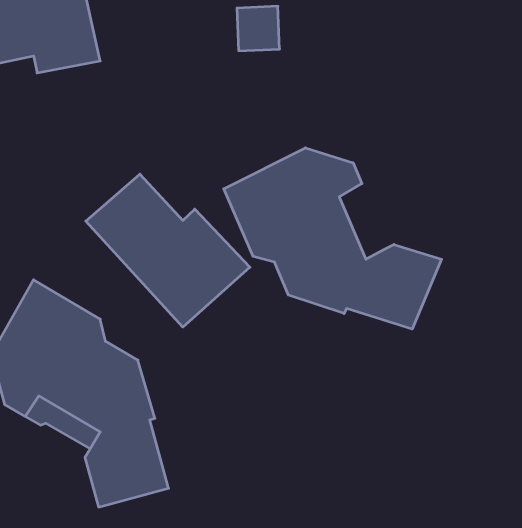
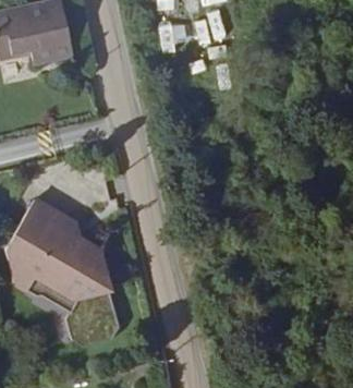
building: [224,148,442,329] -> none
building: [86,174,250,327] -> none

